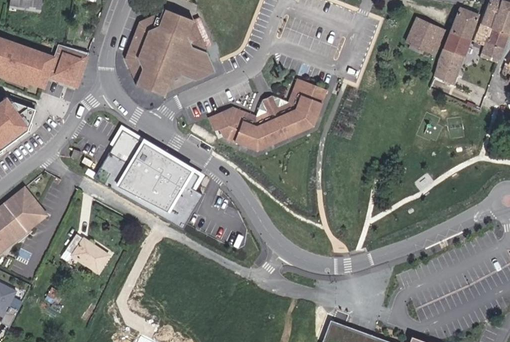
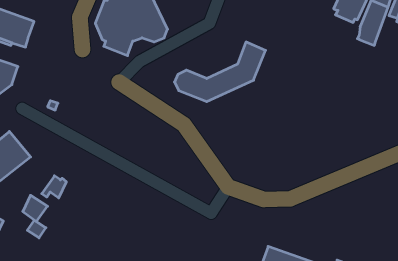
building: [47,44,89,86] -> none
building: [209,78,303,130] -> none
building: [93,131,200,228] -> none
building: [83,244,112,275] -> [23,195,48,222]

